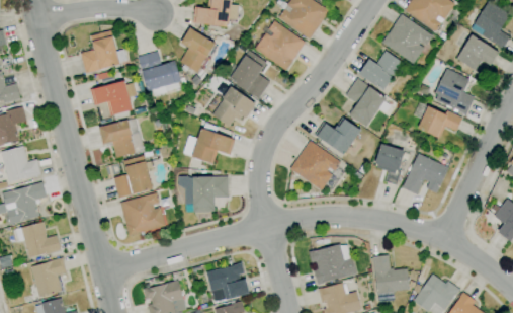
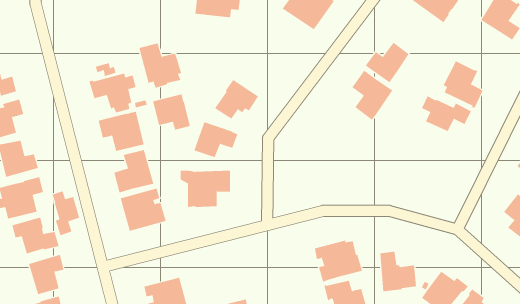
building: [382,14,433,64] -> none
building: [255,21,306,71] -> none
building: [181,28,216,73] -> none
building: [81,30,120,74] -> none
building: [457,35,499,71] -> none
building: [230,51,271,99] -> none
building: none -> [152,94,190,131]
building: [315,119,361,156] -> none
building: [290,141,341,190] -> none
building: [375,144,405,185] -> none
building: [403,154,449,194] -> none
building: none -> [52,190,80,236]
building: [206,263,250,302] -> none

